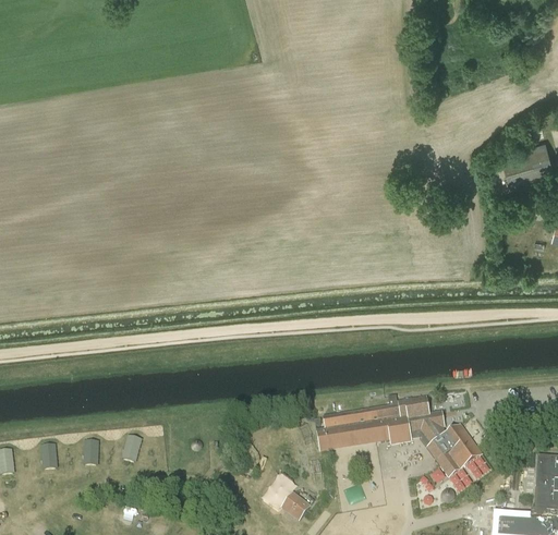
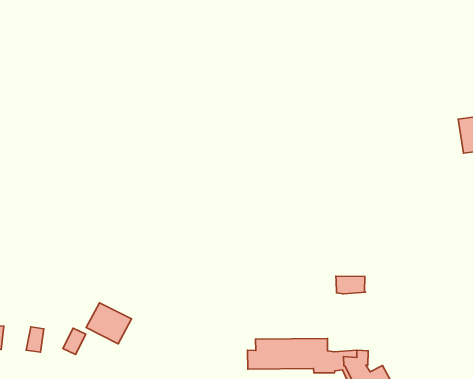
building: [396,396,429,417] -> [336,276,366,294]
building: none -> [86,303,131,344]

